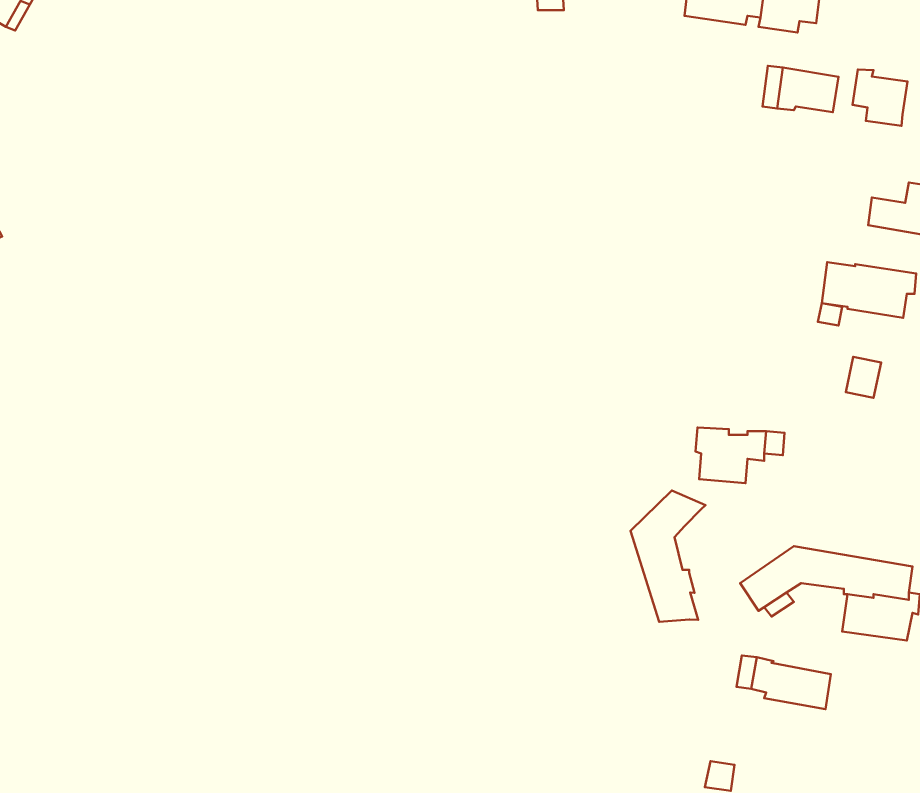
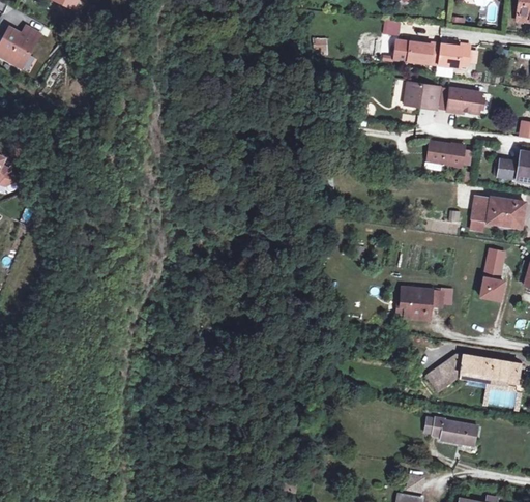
building: none -> [405,81,440,108]
building: [852,70,907,126] -> none
building: none -> [429,140,465,166]
building: none -> [480,268,504,300]
building: [630,490,705,622] -> none

